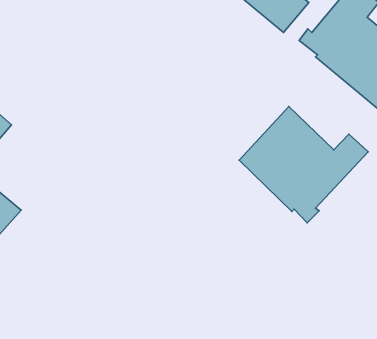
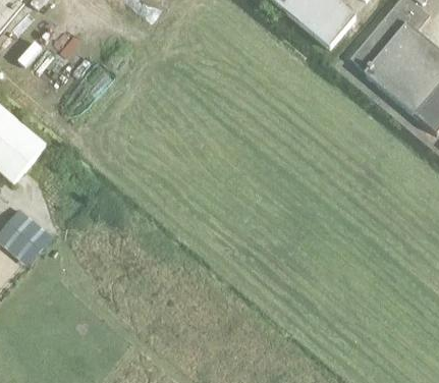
building: [239,106,368,223] -> none

